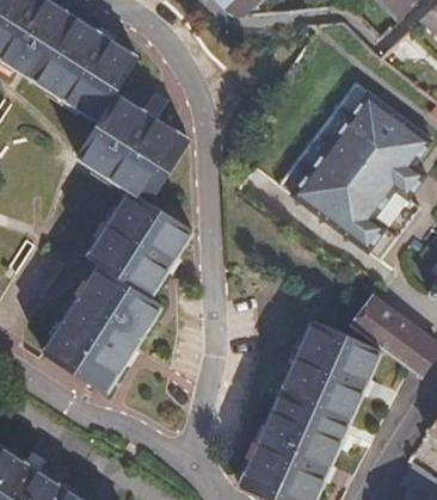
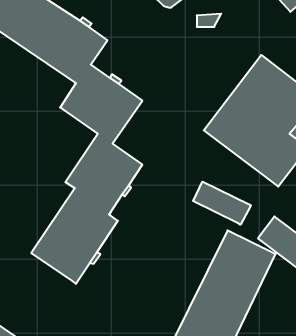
building: none -> [193,182,251,225]

